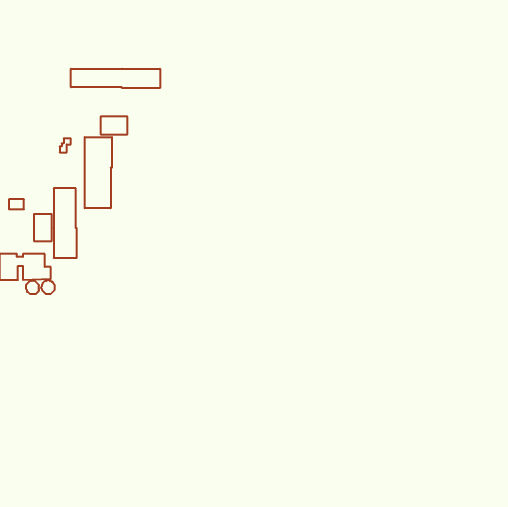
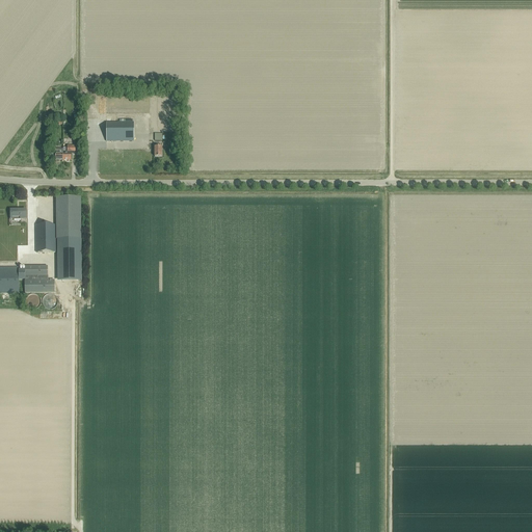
building: [71,69,160,88] -> none
building: [85,137,112,208] -> none

